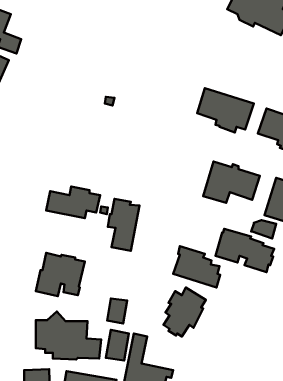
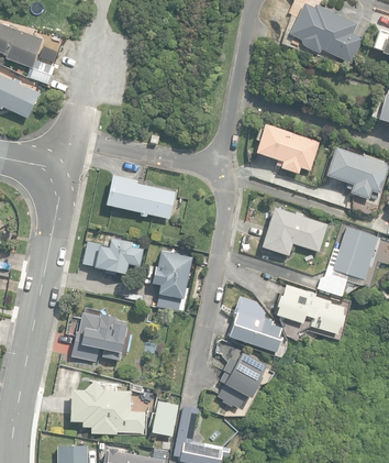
building: none -> [107,176,176,219]
building: [107,298,127,324] -> none

